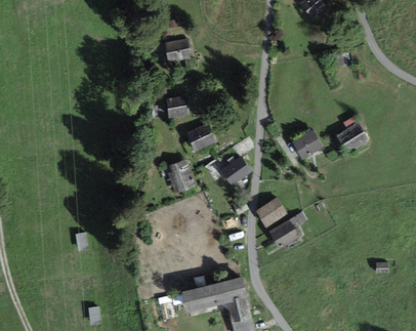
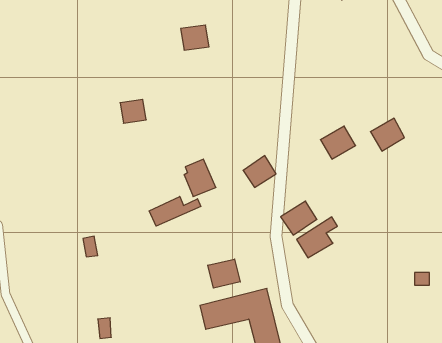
building: [165,95,189,117] -> [120,99,146,123]
building: [185,123,216,151] -> none
building: none -> [149,196,201,226]
building: none -> [208,259,240,288]

